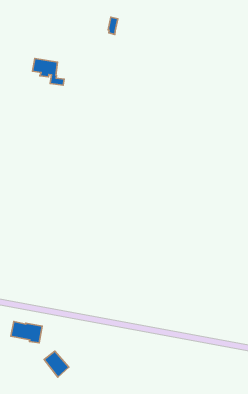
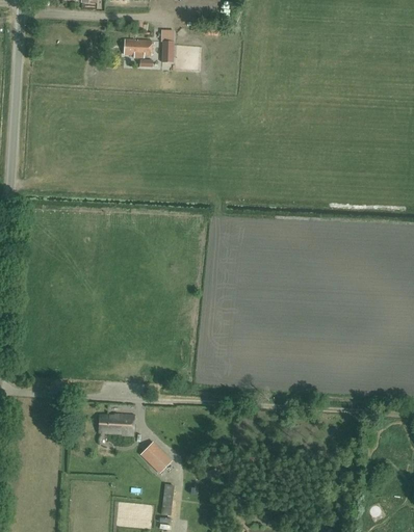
building: [32,58,64,85] -> [124,38,162,65]

